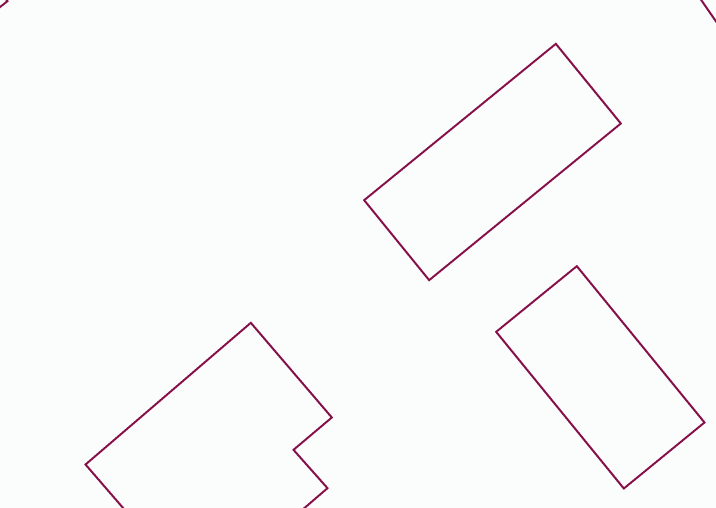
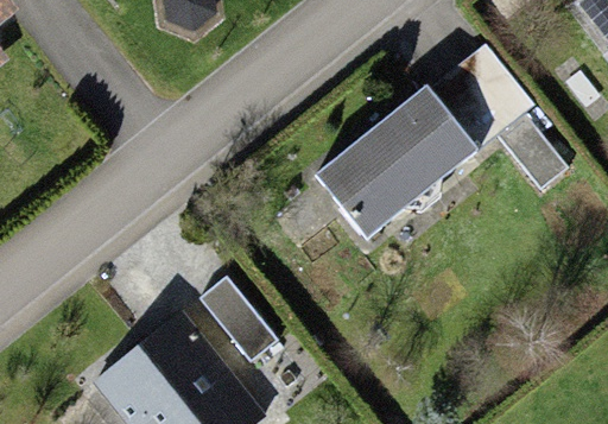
building: [496,266,704,489] -> none

